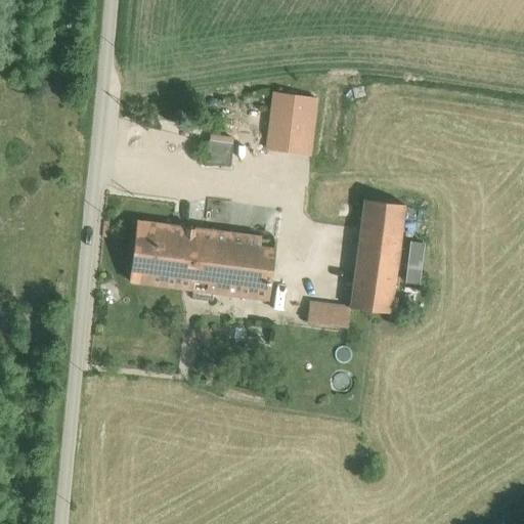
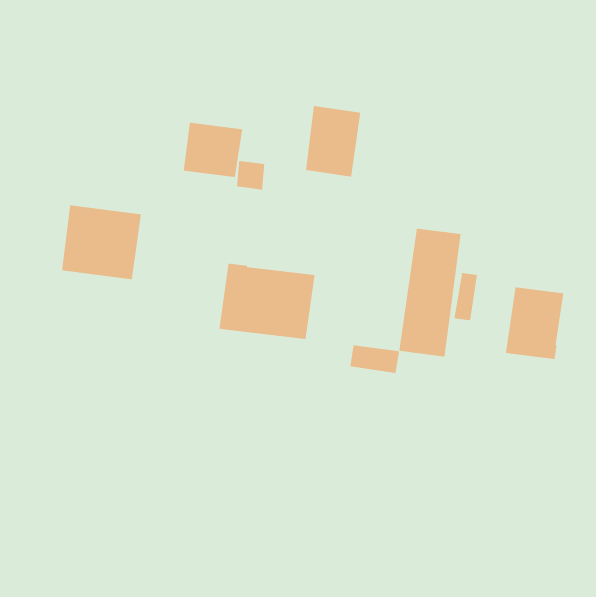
building: none -> [183,122,243,178]
building: [130,222,201,289] -> [61,204,142,280]
building: none -> [505,286,564,360]

